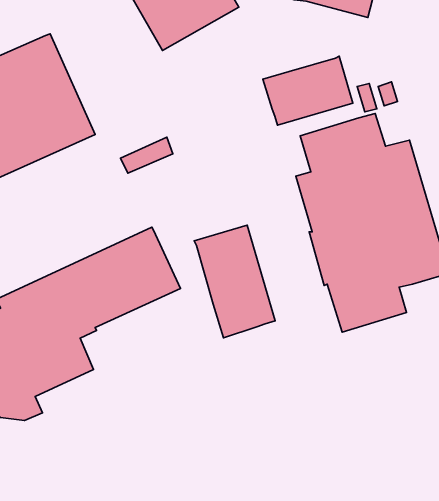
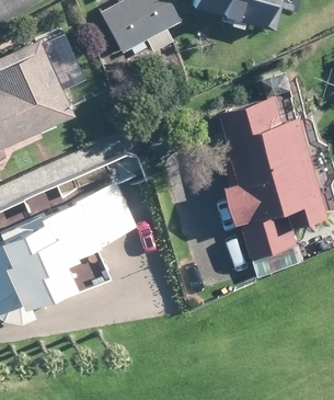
building: [263,56,353,125] -> none
building: [194,225,275,338] -> none

